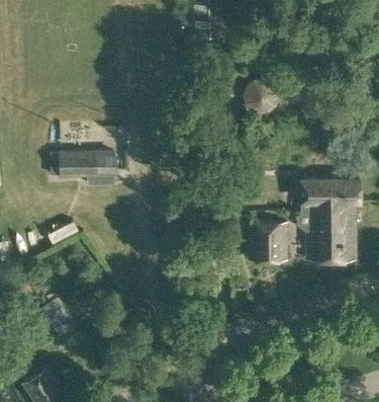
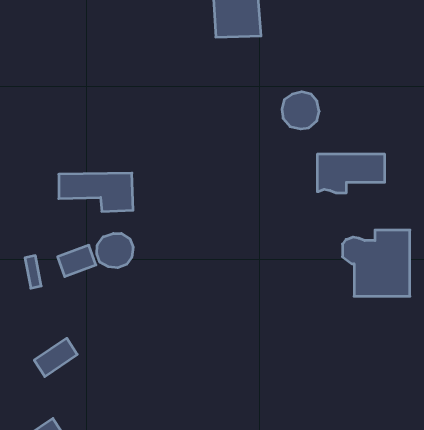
building: [301,178,360,212] -> [317,154,385,193]
building: none -> [97,233,133,268]
building: [250,223,289,260] -> none

